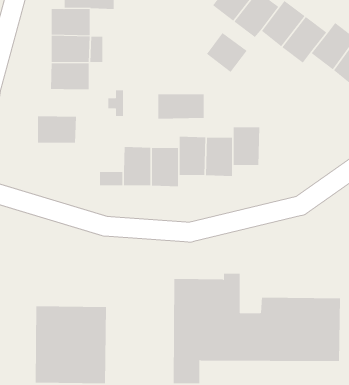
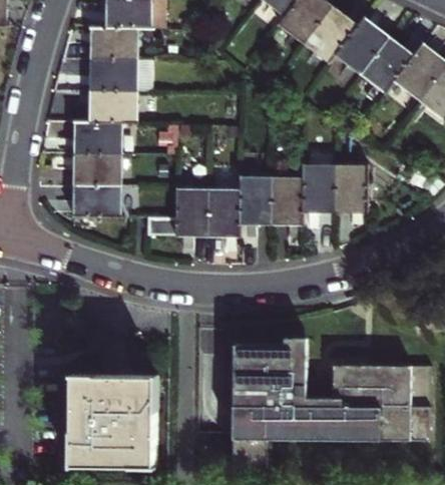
building: [206,32,247,73] -> none
building: none -> [74,121,120,153]
building: [158,94,204,119] -> none
building: none -> [334,165,367,211]
building: none -> [73,184,119,217]

